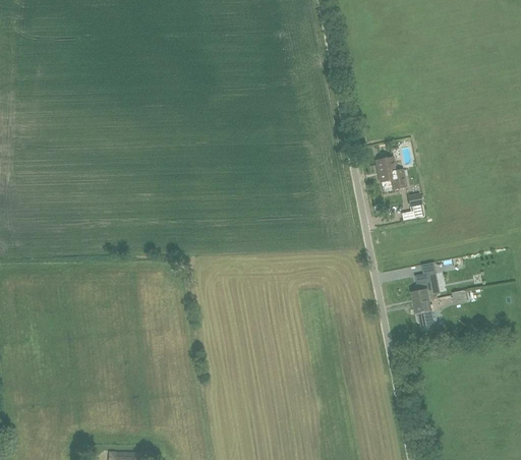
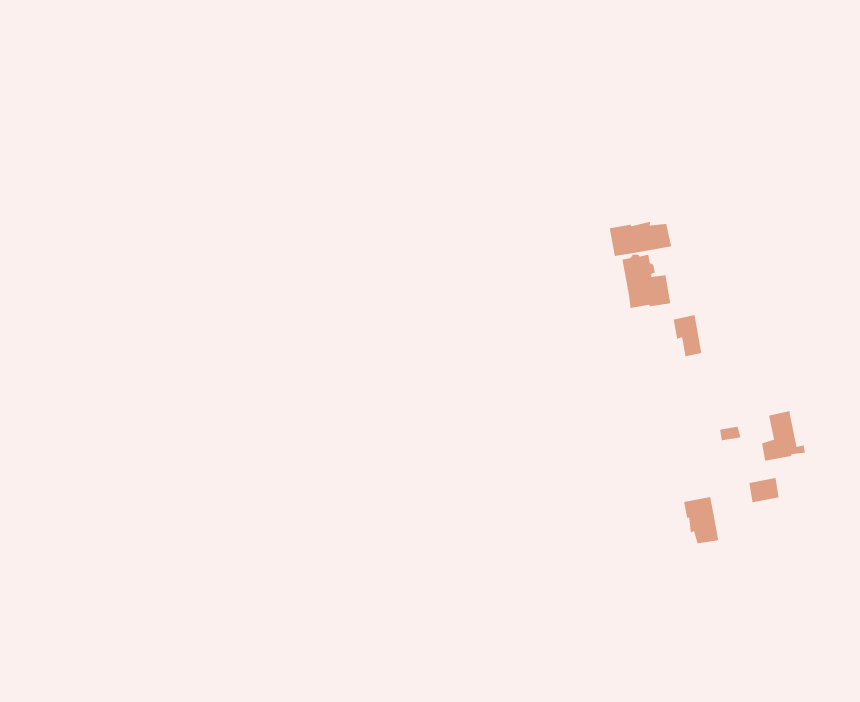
building: none -> [609,221,672,257]
building: [411,272,438,302] -> [761,410,806,462]

